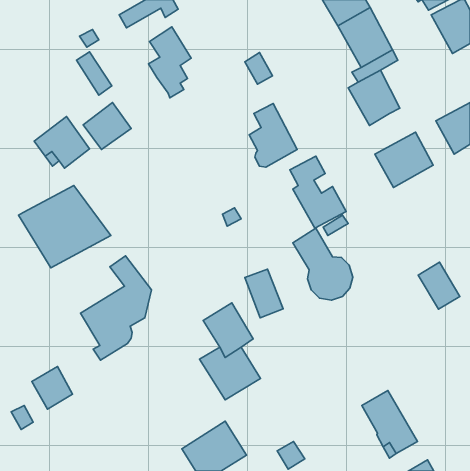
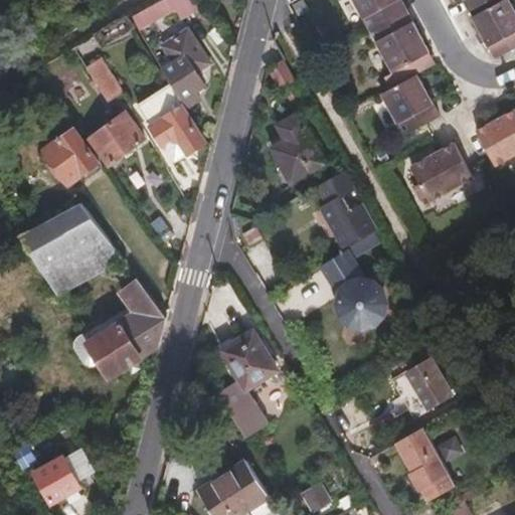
building: none -> [139,84,203,162]
building: [418,262,460,309] -> [406,356,452,407]
building: [245,269,283,318] -> none
building: [32,367,72,409] -> [34,456,78,502]

